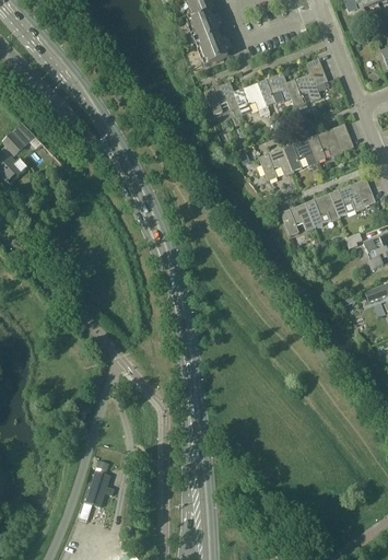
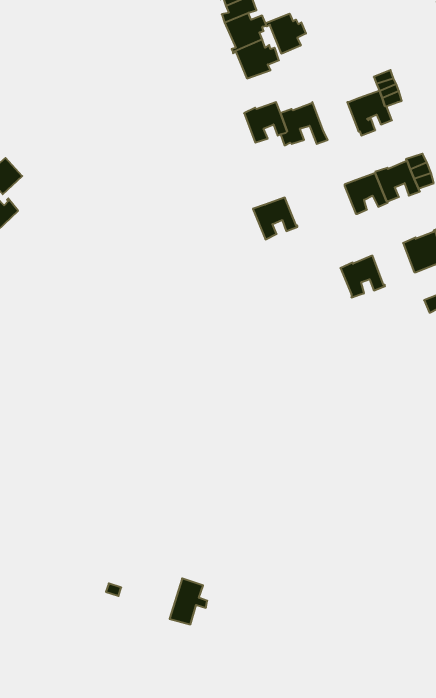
building: none -> [266,14,306,54]
building: [257,72,291,105] -> none
building: [258,148,293,180] -> [253,198,297,239]
building: [304,192,340,226] -> none
building: [84,470,114,506] -> [170,578,207,624]

